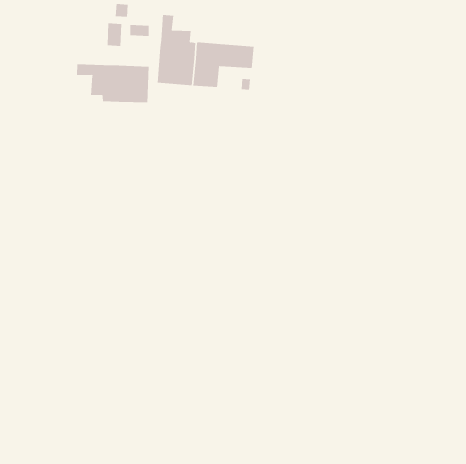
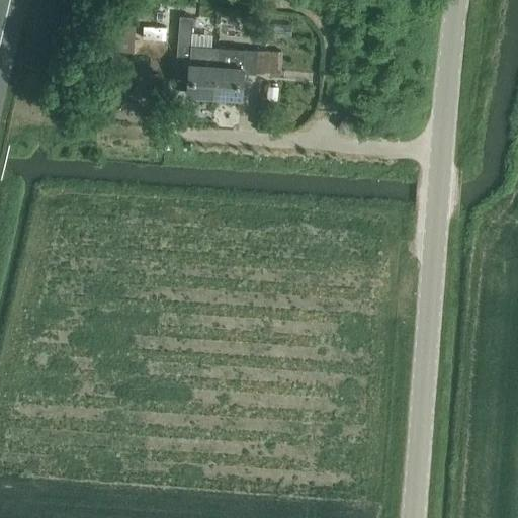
building: [76,63,149,103] -> none

